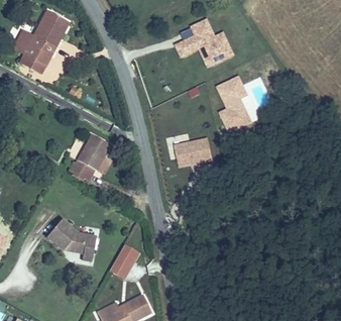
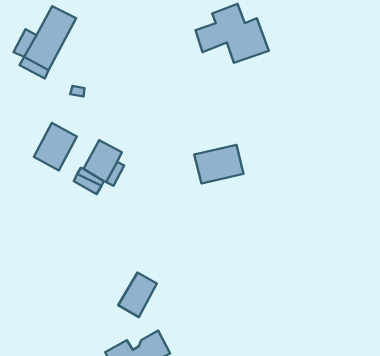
building: [214,76,251,132] -> none
building: none -> [34,123,77,171]
building: [46,217,97,253] -> none

